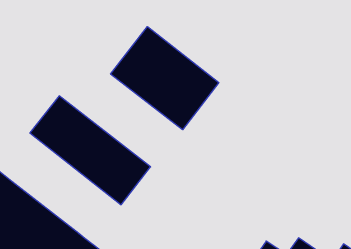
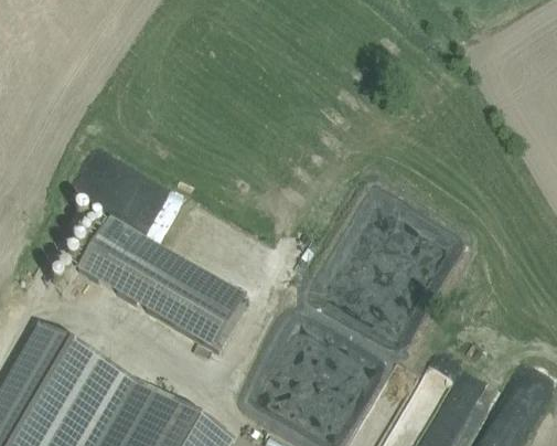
building: [111,27,219,130] -> none

